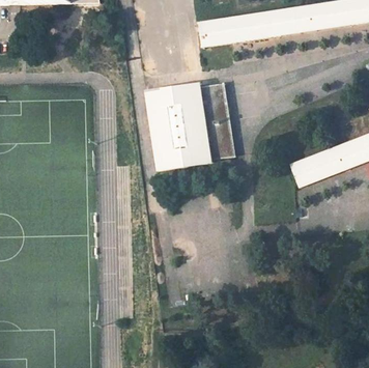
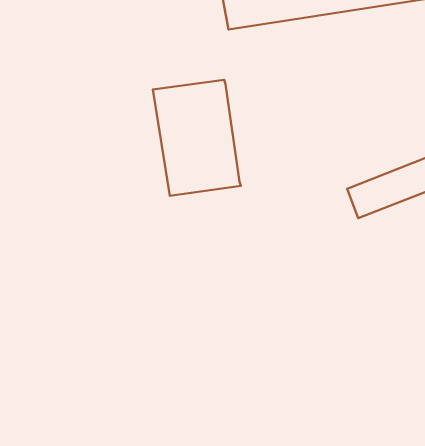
building: [199,83,232,160] -> none

